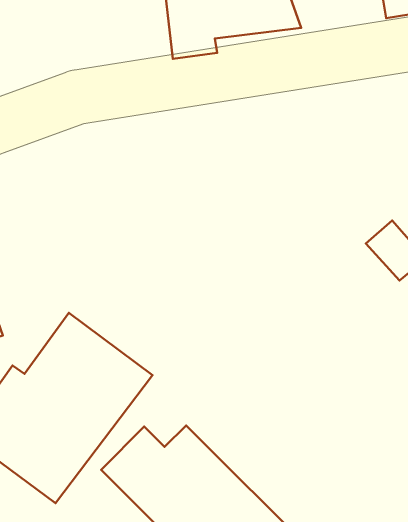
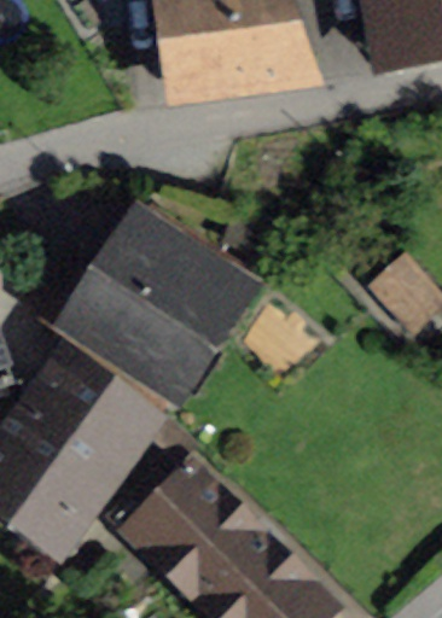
building: none -> [70,211,246,396]

